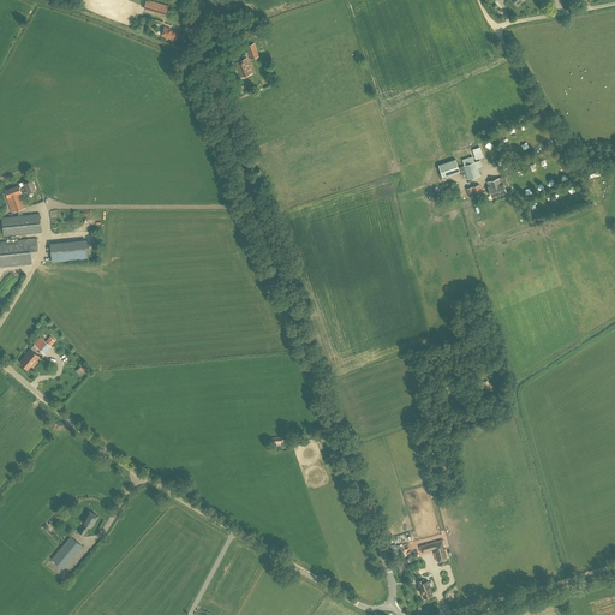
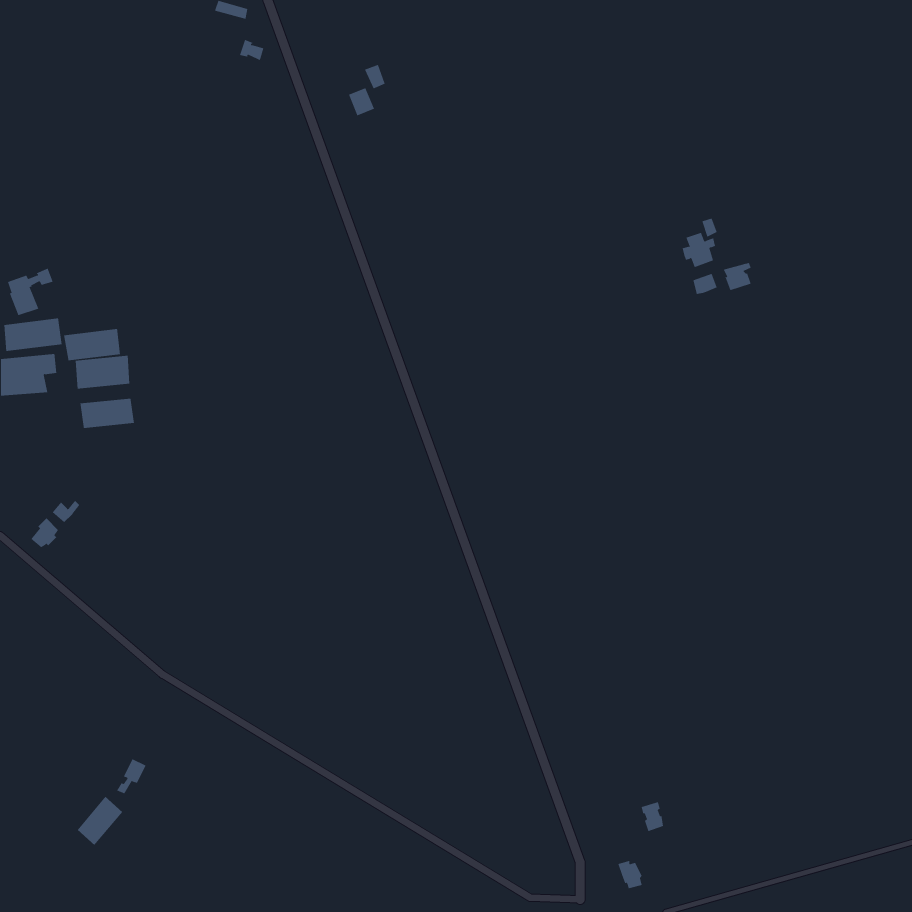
building: none -> [63,328,120,361]
building: none -> [80,398,134,429]

